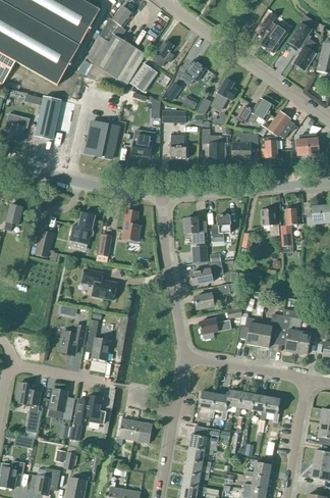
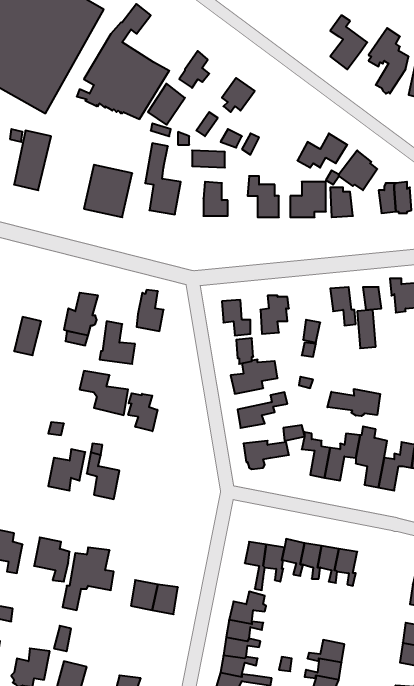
building: [211,78,237,110] -> none
building: none -> [327,389,380,416]
building: none -> [128,393,157,431]

